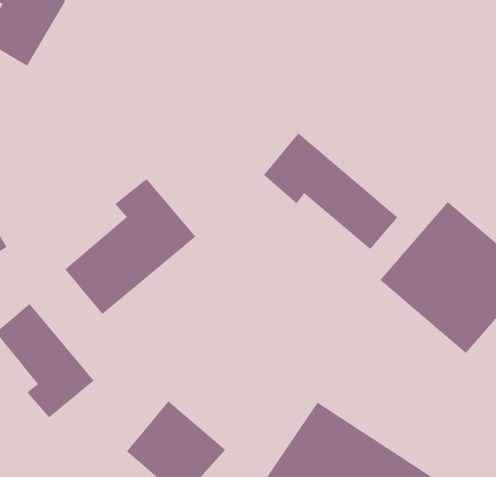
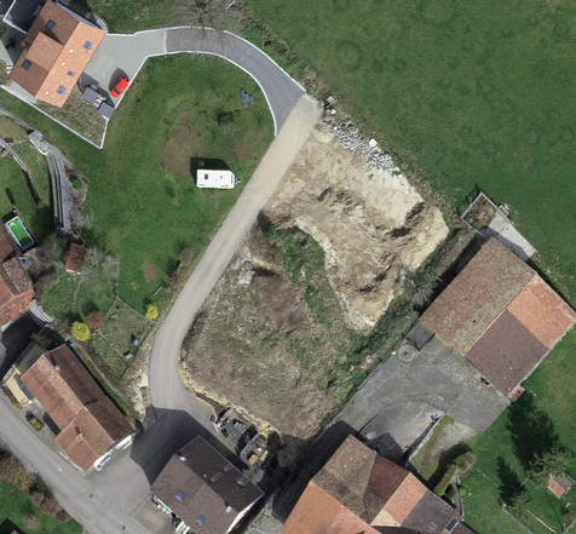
building: [263,133,398,250] -> none
building: [64,178,196,315] -> none

